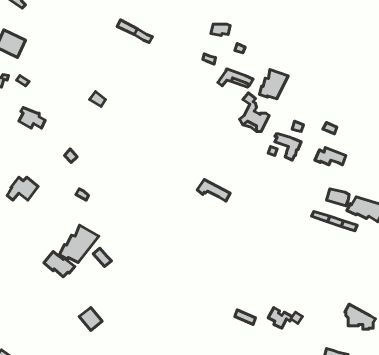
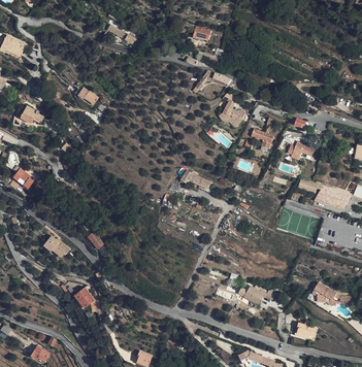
building: [259,69,288,99] -> none
building: [60,225,99,263] -> none

